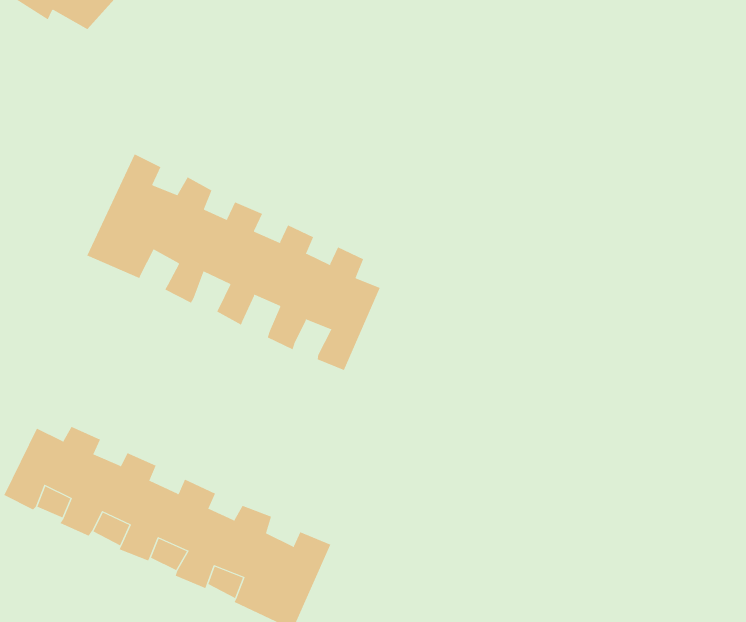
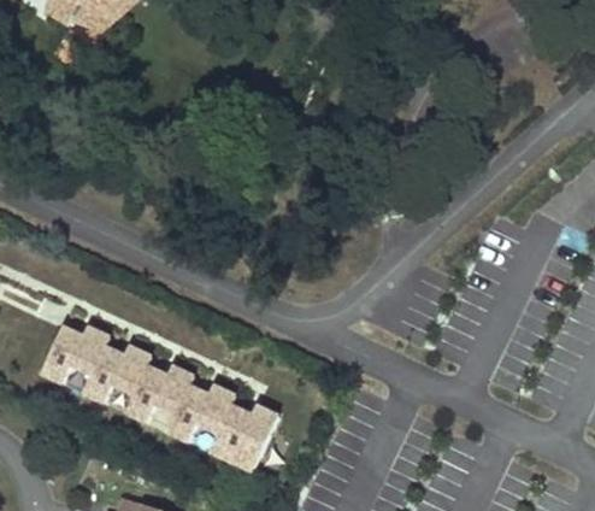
building: [86,153,380,371] -> none

